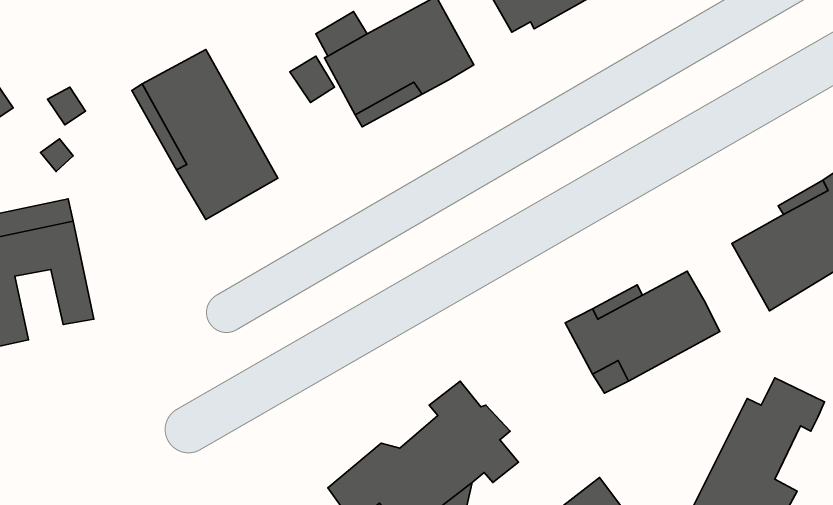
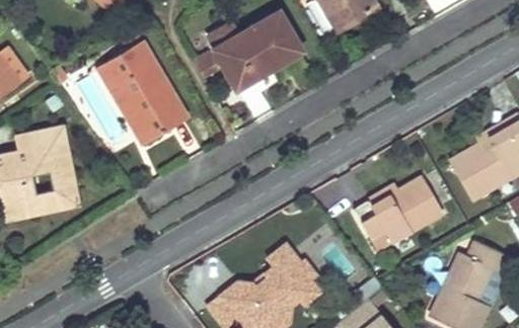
building: none -> [30,173,78,215]

